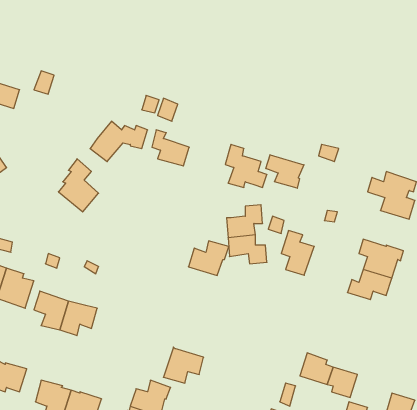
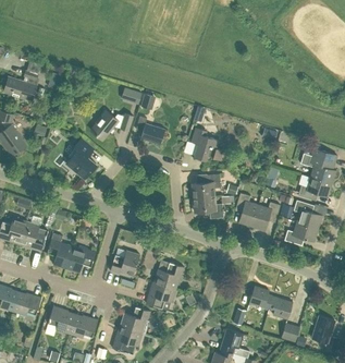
building: [266,155,304,188] -> none
building: none -> [298,178,331,201]
building: [188,241,229,275] -> [153,263,184,289]
building: none -> [251,202,280,231]
building: none -> [110,251,139,278]

